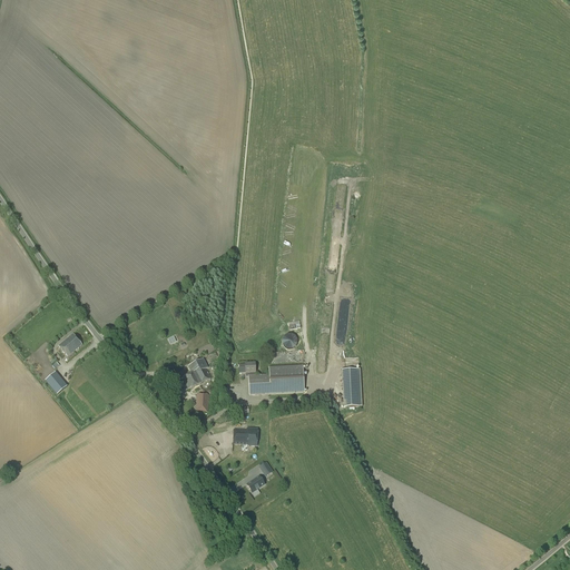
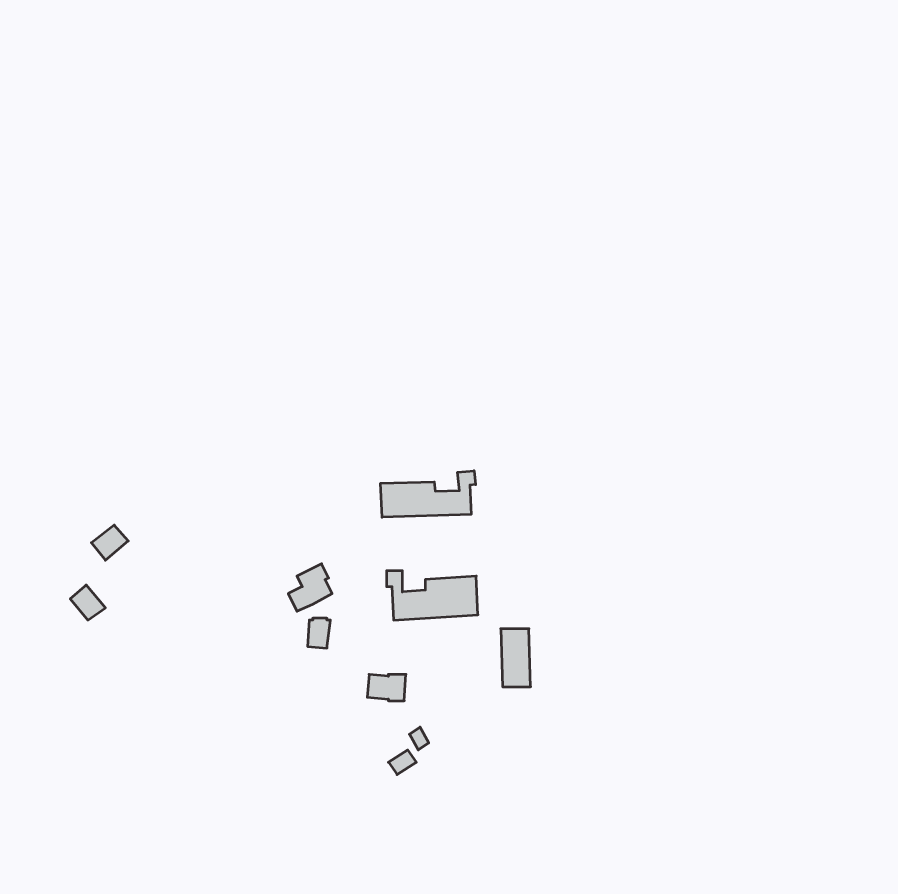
building: none -> [381,471,476,517]
building: [342,368,361,405] -> [501,629,531,687]

